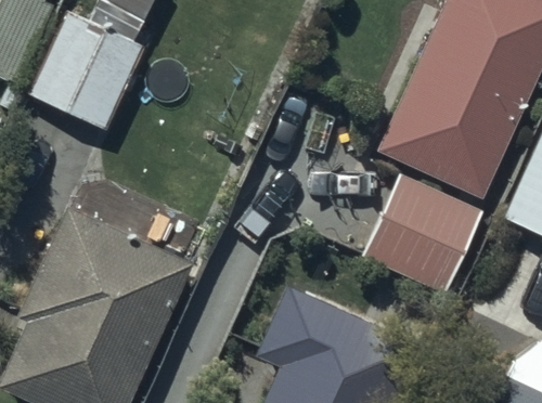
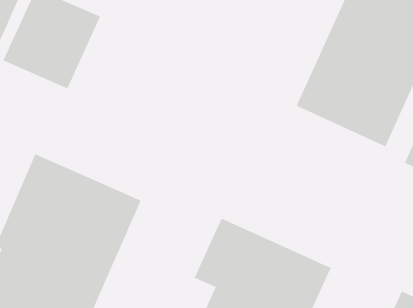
building: [363,172,481,294] -> none

